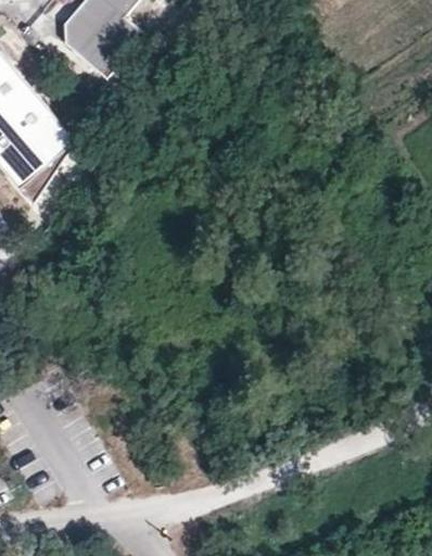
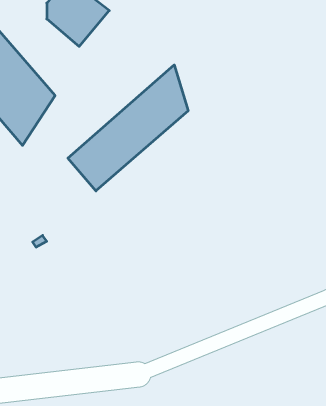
building: none -> [68,65,188,191]

